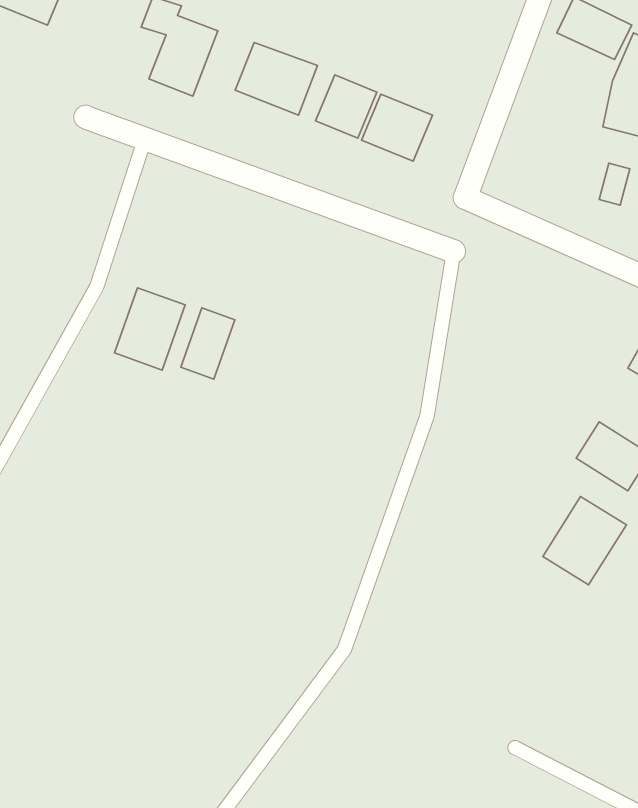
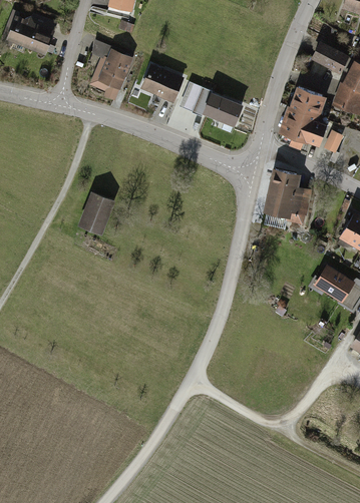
building: none -> [276,89,324,150]
building: none -> [262,170,307,220]
building: [181,308,235,379] -> none
building: [543,497,626,585] -> none

